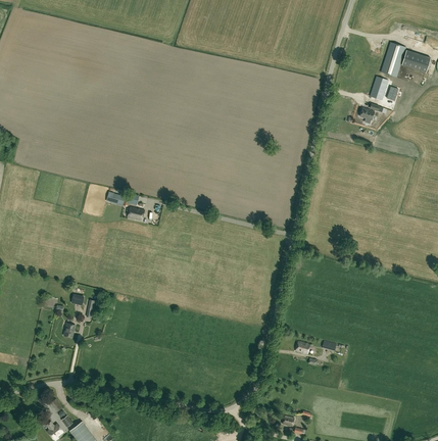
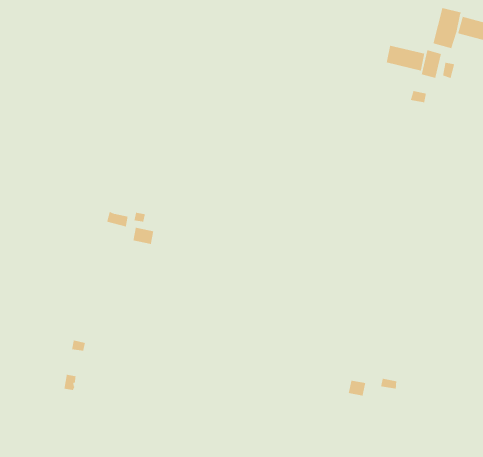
building: none -> [386,45,425,71]

